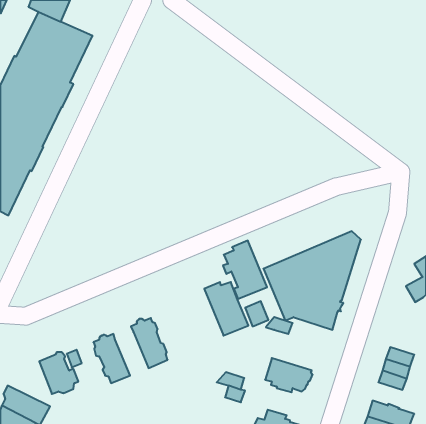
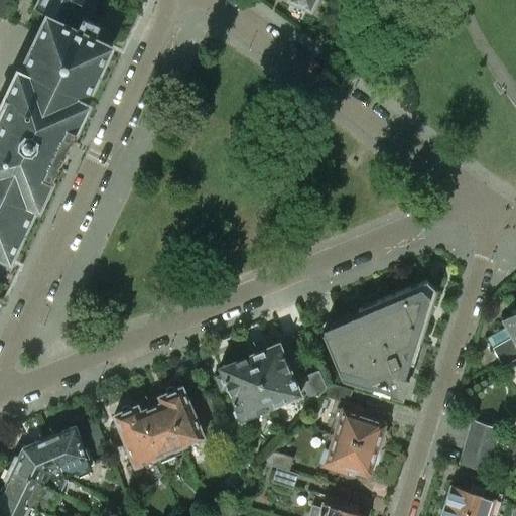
building: [223,241,267,299] -> [217,352,270,422]
building: none -> [137,397,182,463]
building: none -> [329,408,384,450]
building: none -> [9,439,68,494]

